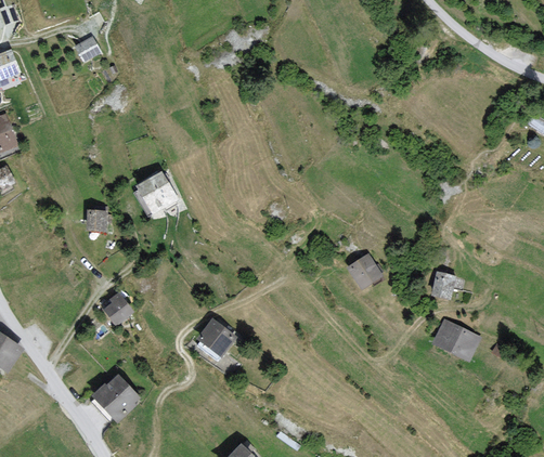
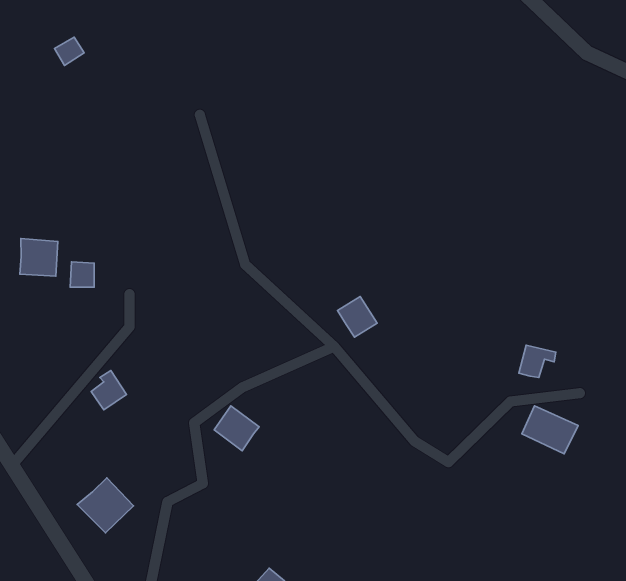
building: [137,172,176,212] -> none
building: none -> [20,239,58,276]
building: [350,256,380,287] -> [338,296,377,337]

